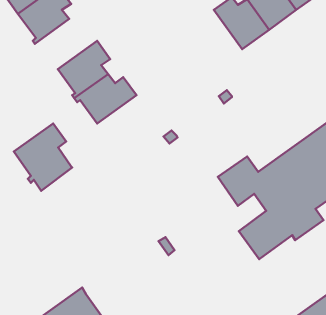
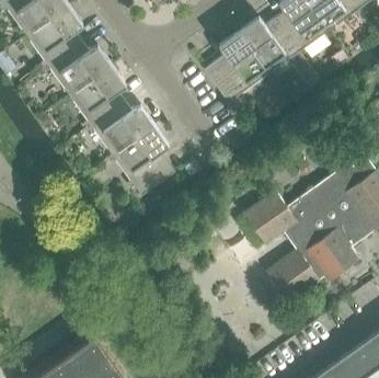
building: none -> [204,32,269,104]
building: none -> [44,42,112,96]
building: [14,123,72,191] -> [112,125,175,198]

